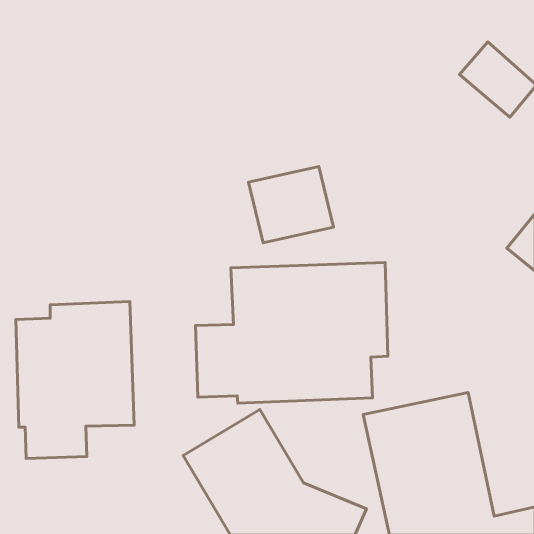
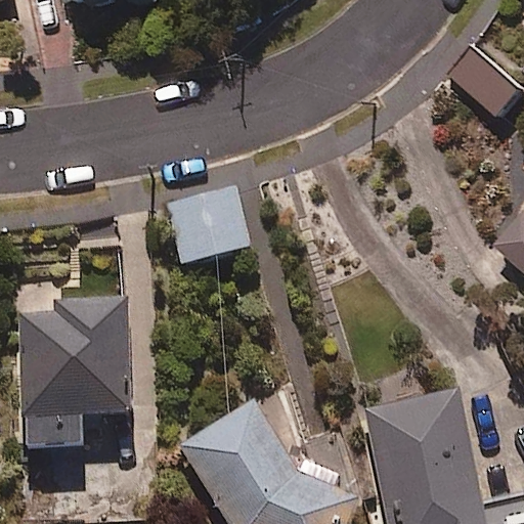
building: [249,166,333,243] -> [167,189,250,264]
building: [196,263,388,403] -> none

